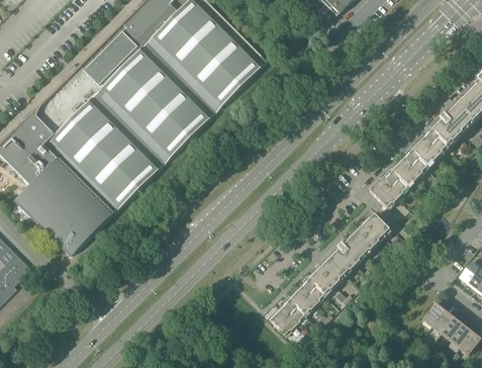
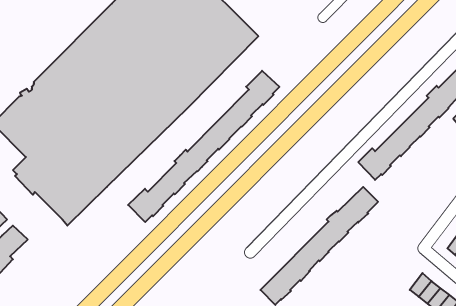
building: none -> [128,71,279,222]

